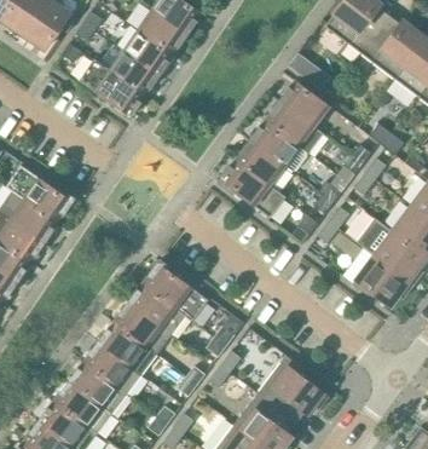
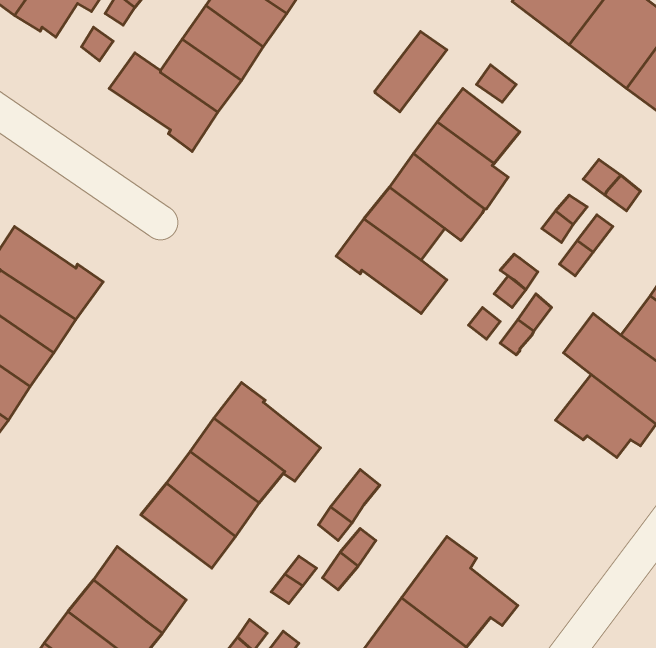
building: none -> [375,31,447,112]
building: [82,342,140,395] -> none

